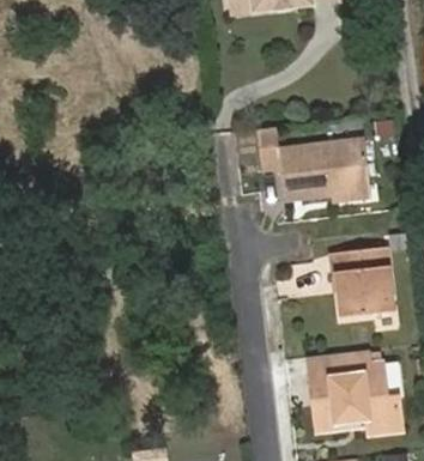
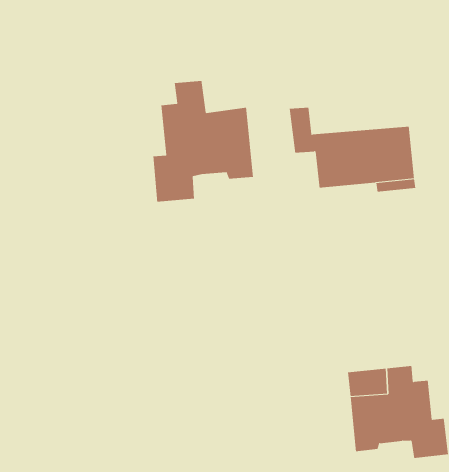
building: none -> [153,80,254,202]
building: [335,248,394,317] -> none

